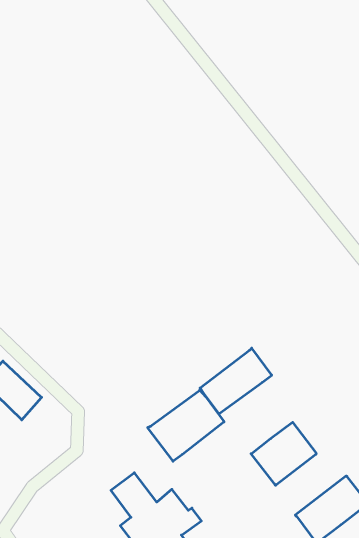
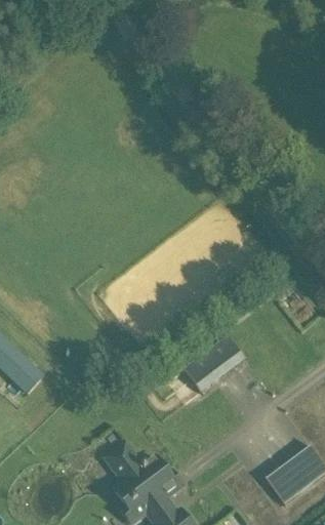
building: [148,390,224,461] -> none
building: [251,422,316,485] -> none

